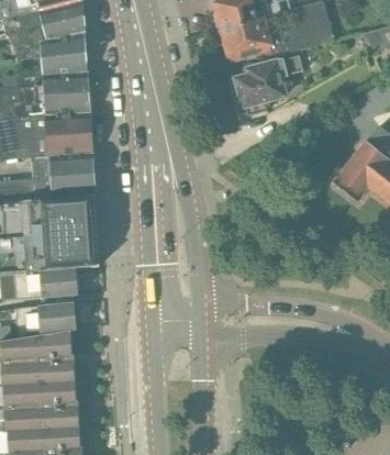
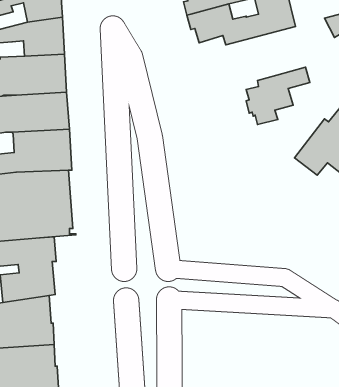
building: [234,54,302,115] -> [246,67,310,125]

